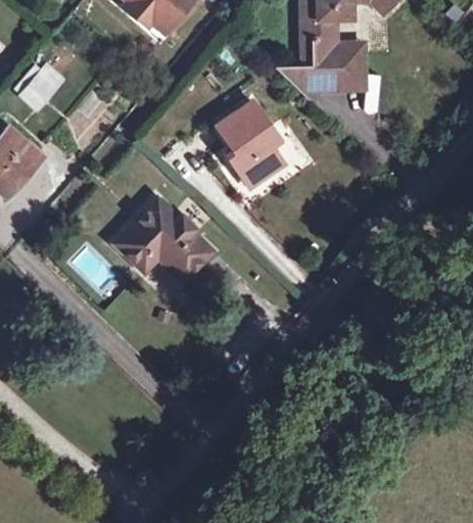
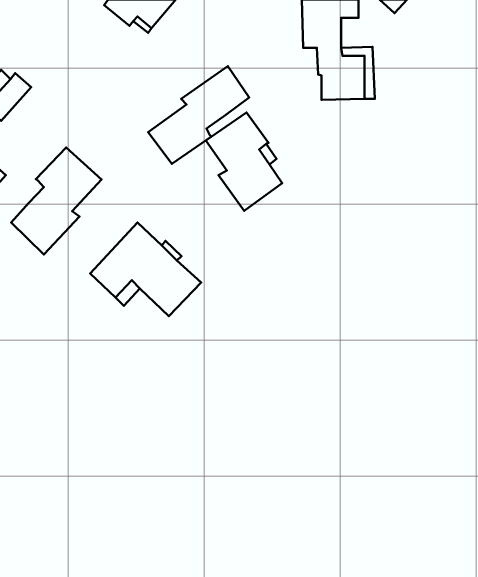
building: [278,44,320,102] -> none
building: none -> [148,66,249,164]
building: none -> [11,147,102,254]

